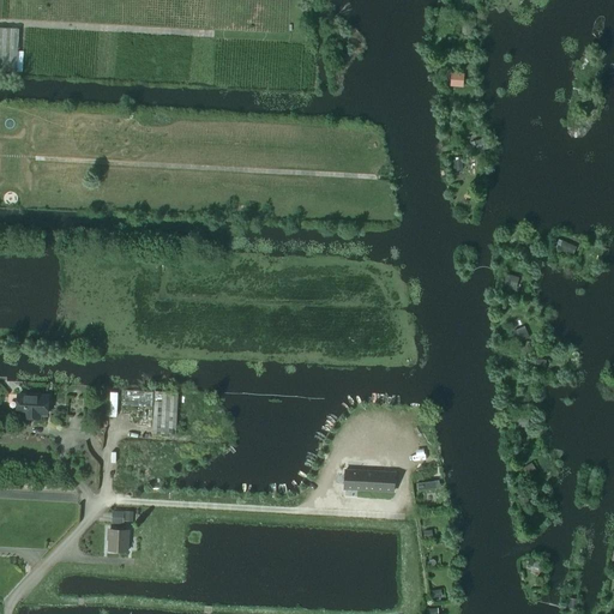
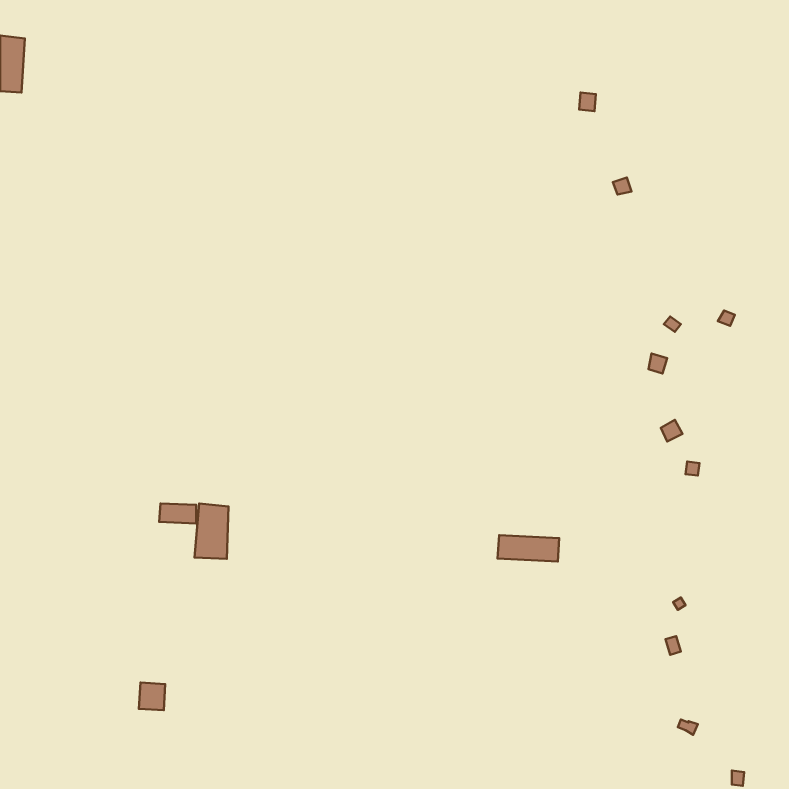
building: [17,395,48,419] -> none
building: [347,470,395,490] -> [498,535,559,561]

